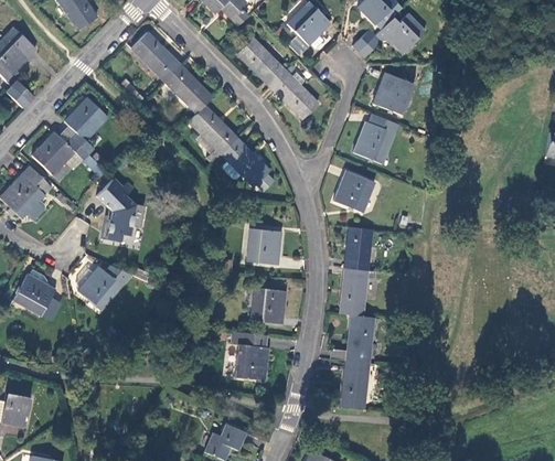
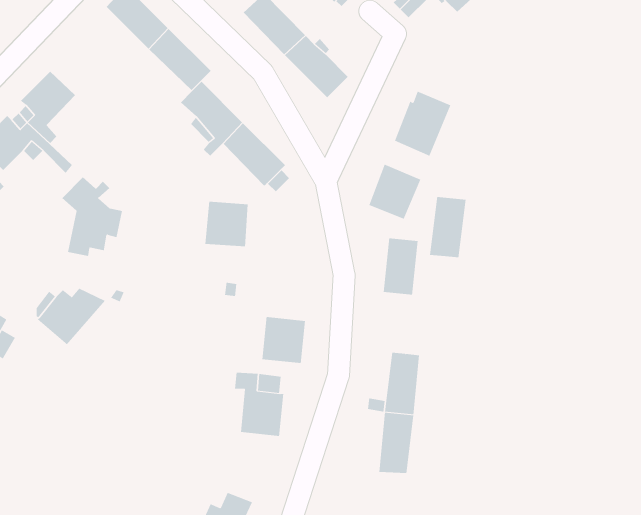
building: [373,73,415,116] -> none
building: [247,229,281,265] -> [204,201,249,247]
building: [340,269,369,317] -> [429,197,466,258]

